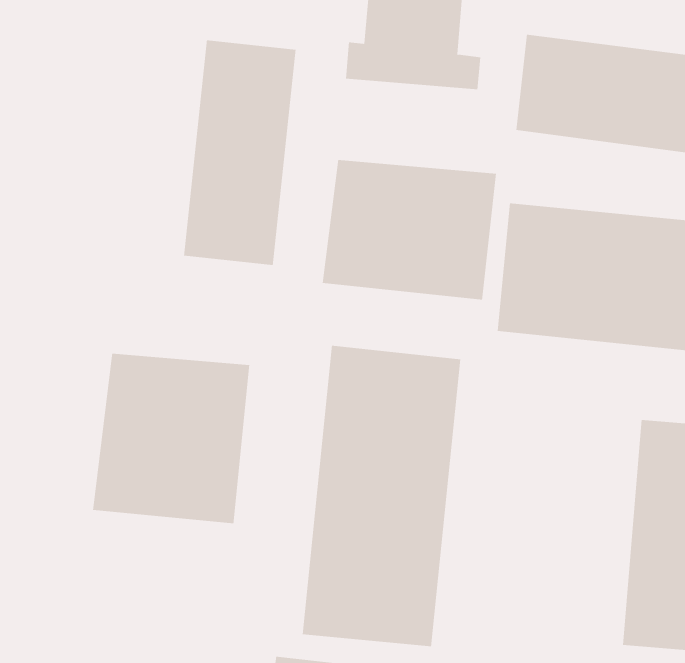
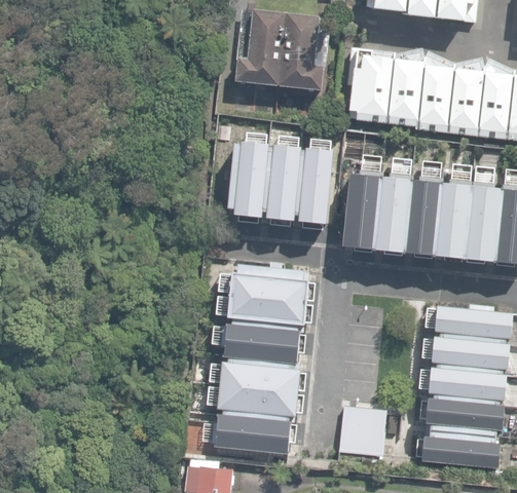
building: [184,40,296,266] -> none
building: [93,353,250,524] -> none
building: none -> [337,407,389,458]

